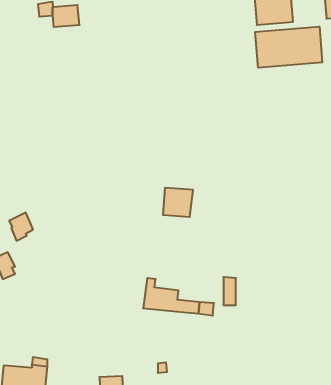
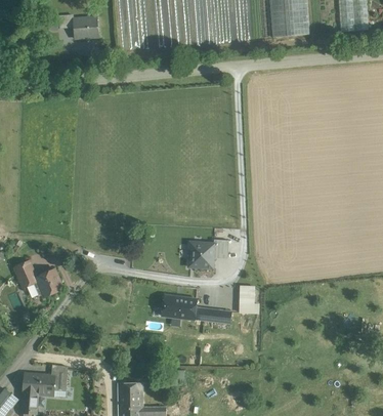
building: [255,27,322,68] -> none
building: [163,188,193,217] -> [185,242,215,271]
building: [9,213,33,241] -> [37,268,60,296]

